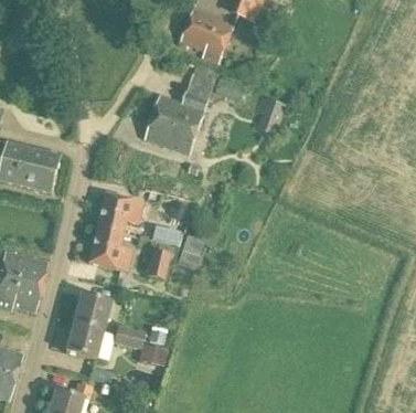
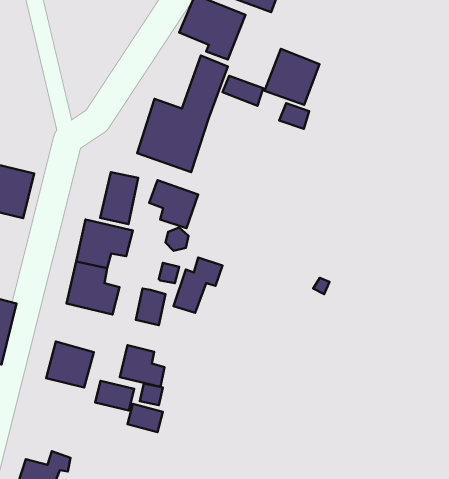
building: none -> [265,49,319,105]
building: none -> [100,172,138,224]
building: none -> [149,180,198,228]
building: none -> [120,345,164,387]
building: [65,321,103,358] -> none

